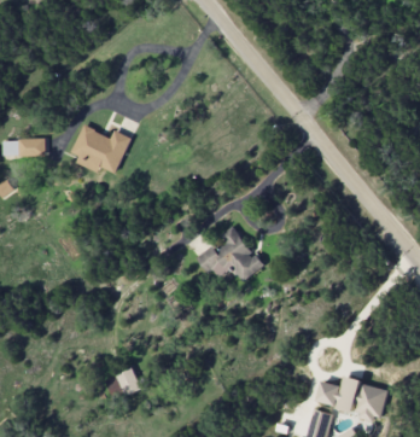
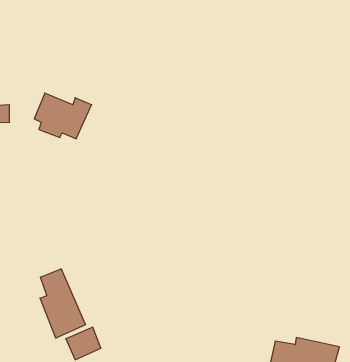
building: [198,226,266,280] -> none
building: none -> [40,269,85,338]

